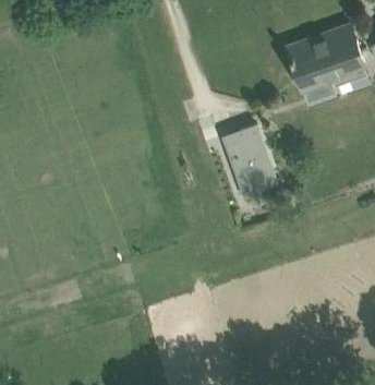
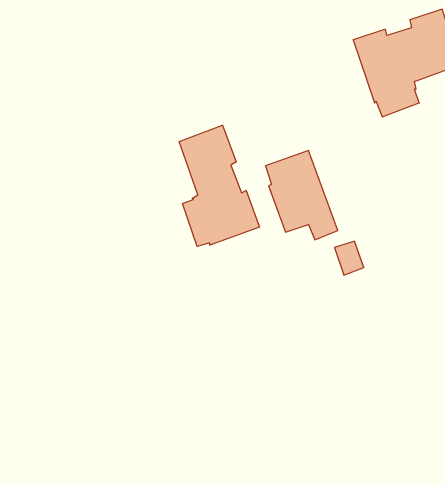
building: none -> [179,125,260,246]

